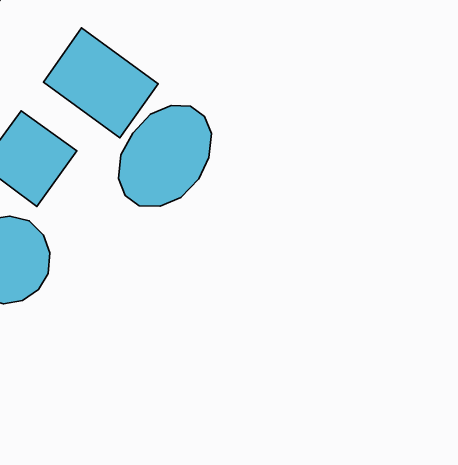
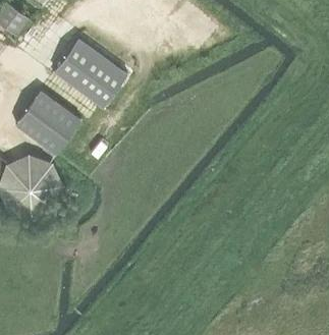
building: [118,106,211,206] -> none

